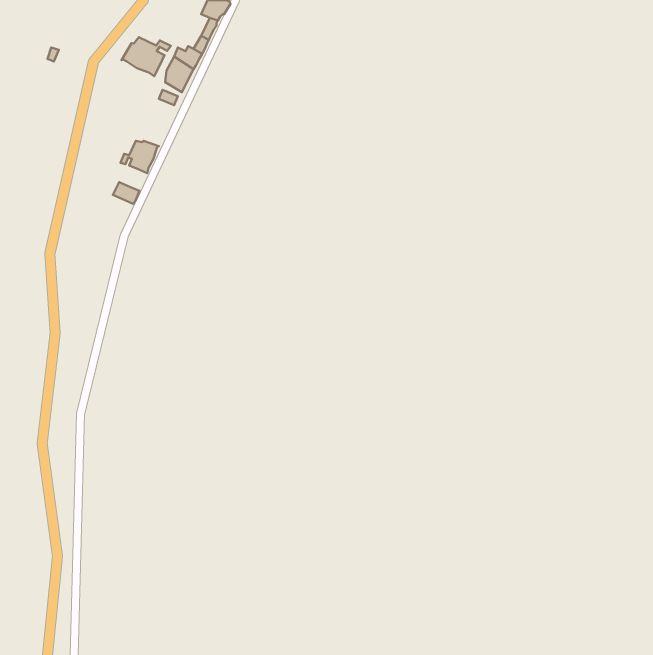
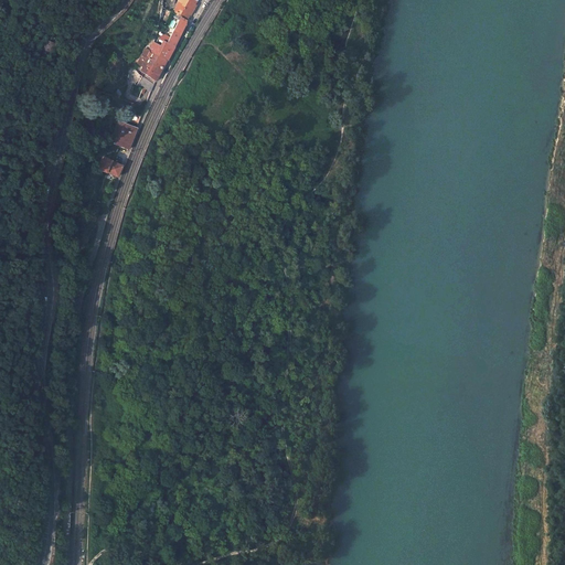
building: [121,37,171,76] -> none

